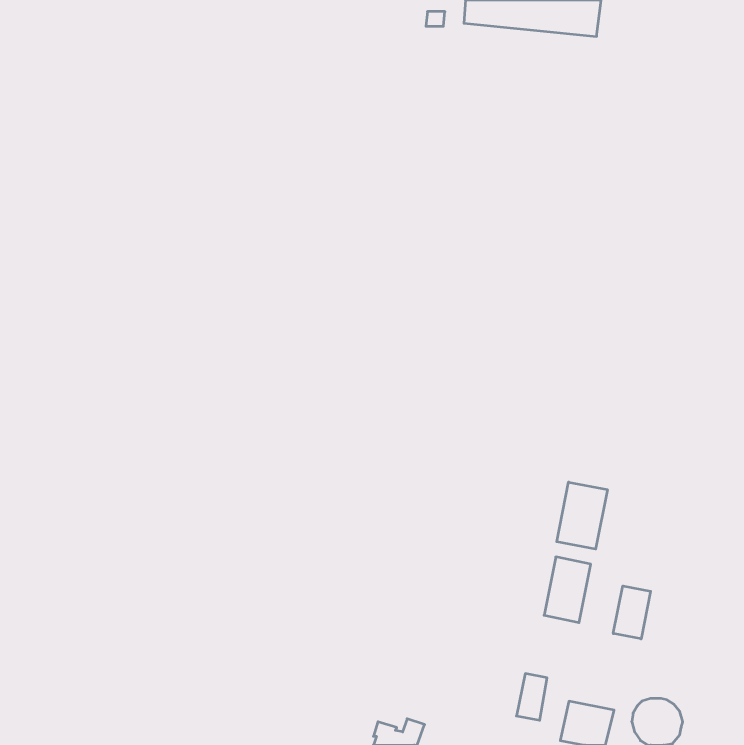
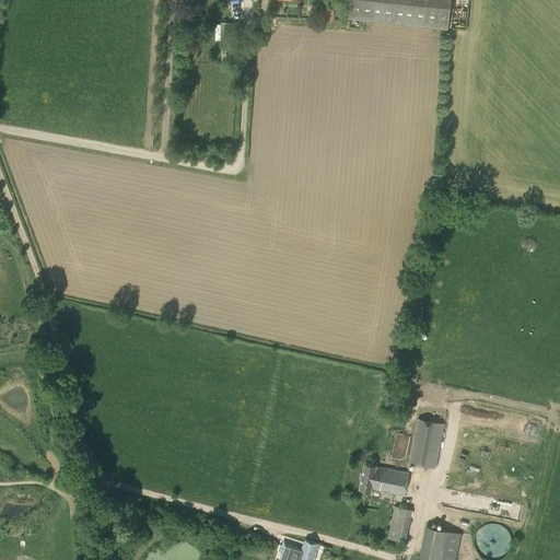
building: [557,482,607,549] -> none
building: [613,586,651,639] -> none
building: none -> [360,462,409,493]

